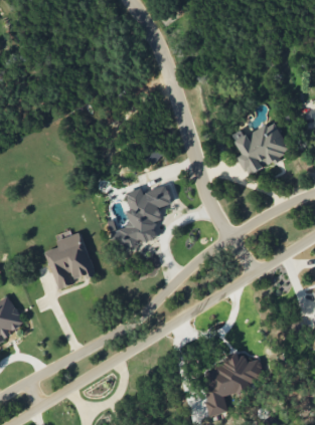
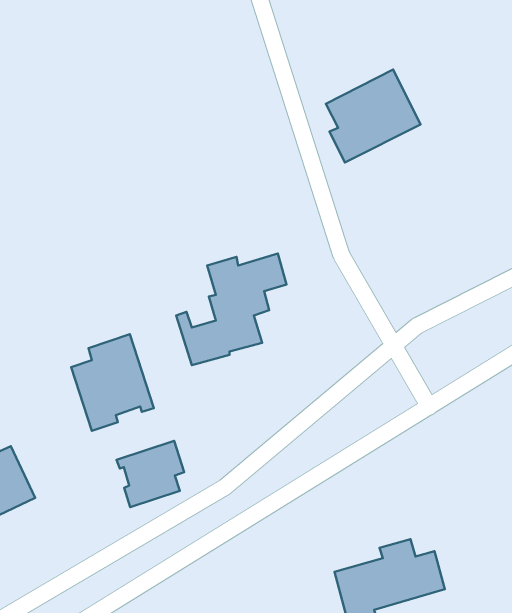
building: [235,121,291,175] -> [326,69,421,162]
building: none -> [116,441,184,507]

